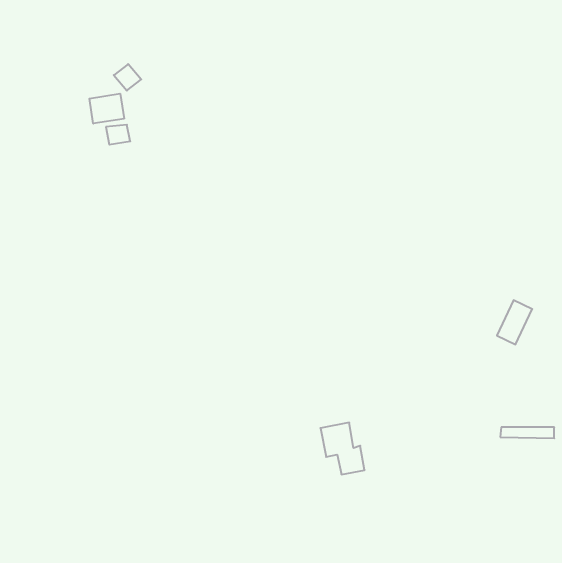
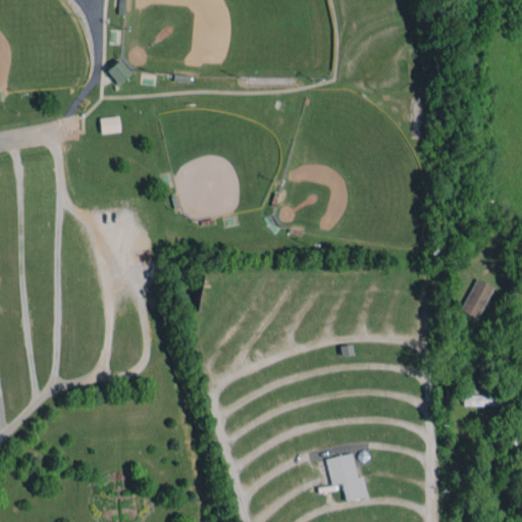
building: [89,94,124,124] -> none
building: [320,423,365,474] -> [327,454,368,502]

